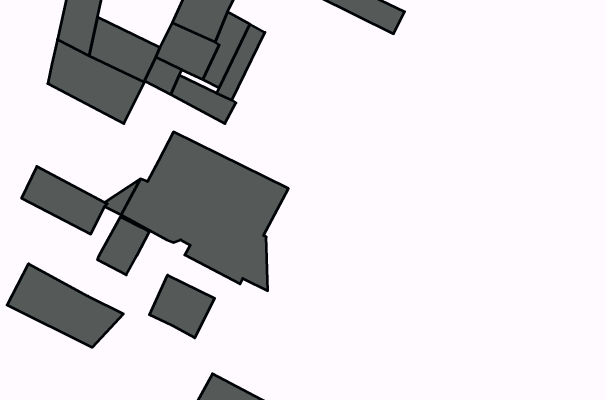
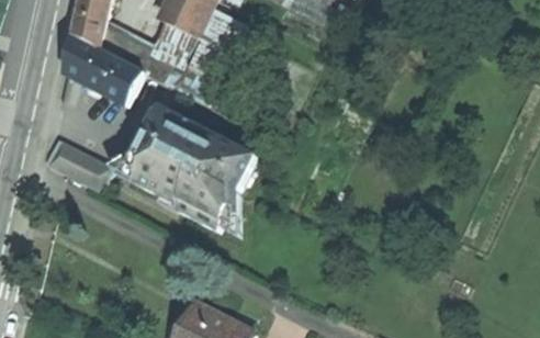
building: [98,217,149,275] -> none
building: [7,264,123,347] -> none
building: [149,275,215,338] -> none

